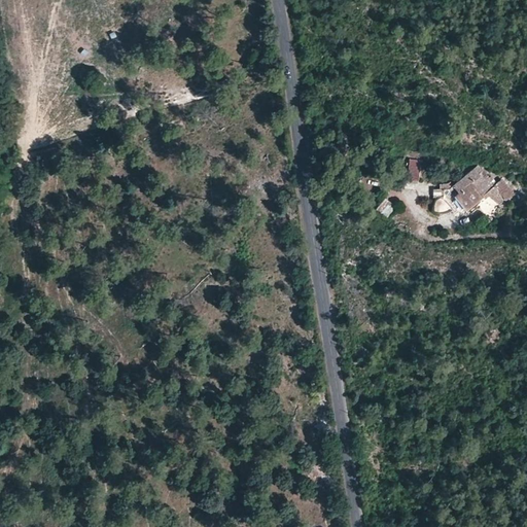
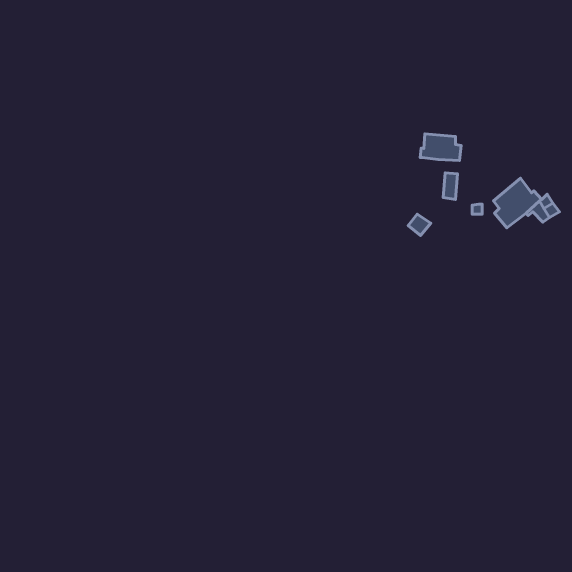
building: none -> [420,134,461,161]

